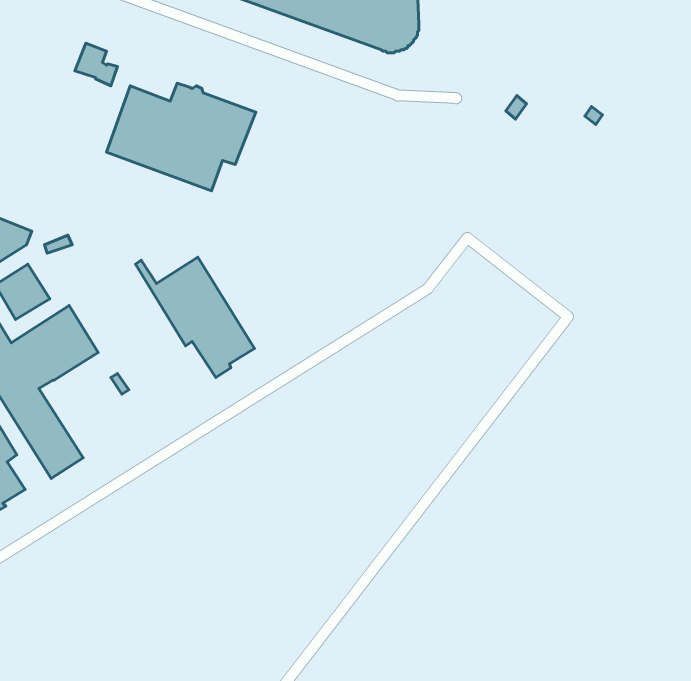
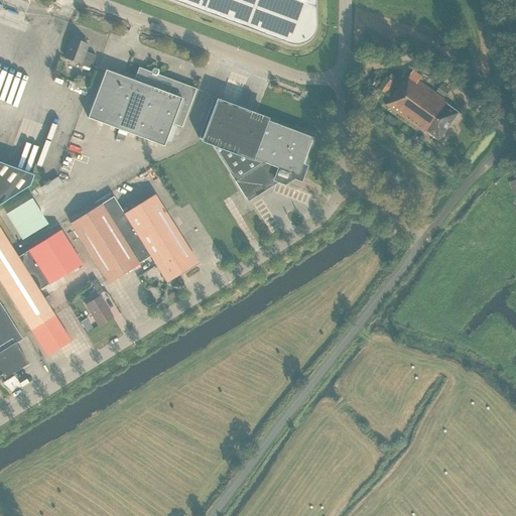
building: none -> [386,70,460,139]
building: none -> [199,99,312,198]
building: none -> [71,199,145,283]
building: none -> [86,295,113,325]

